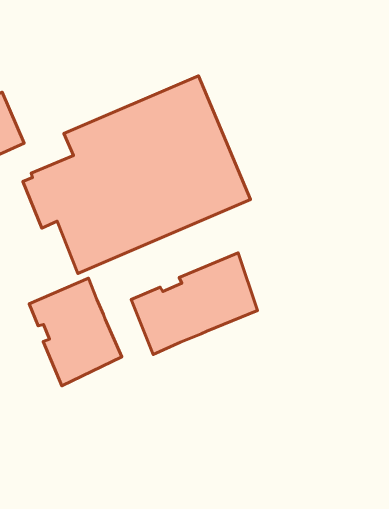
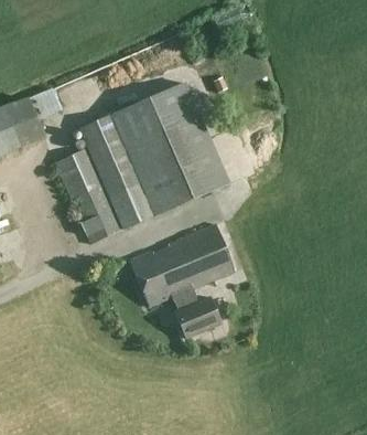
building: [29,278,122,386] -> none
building: none -> [173,287,222,337]

